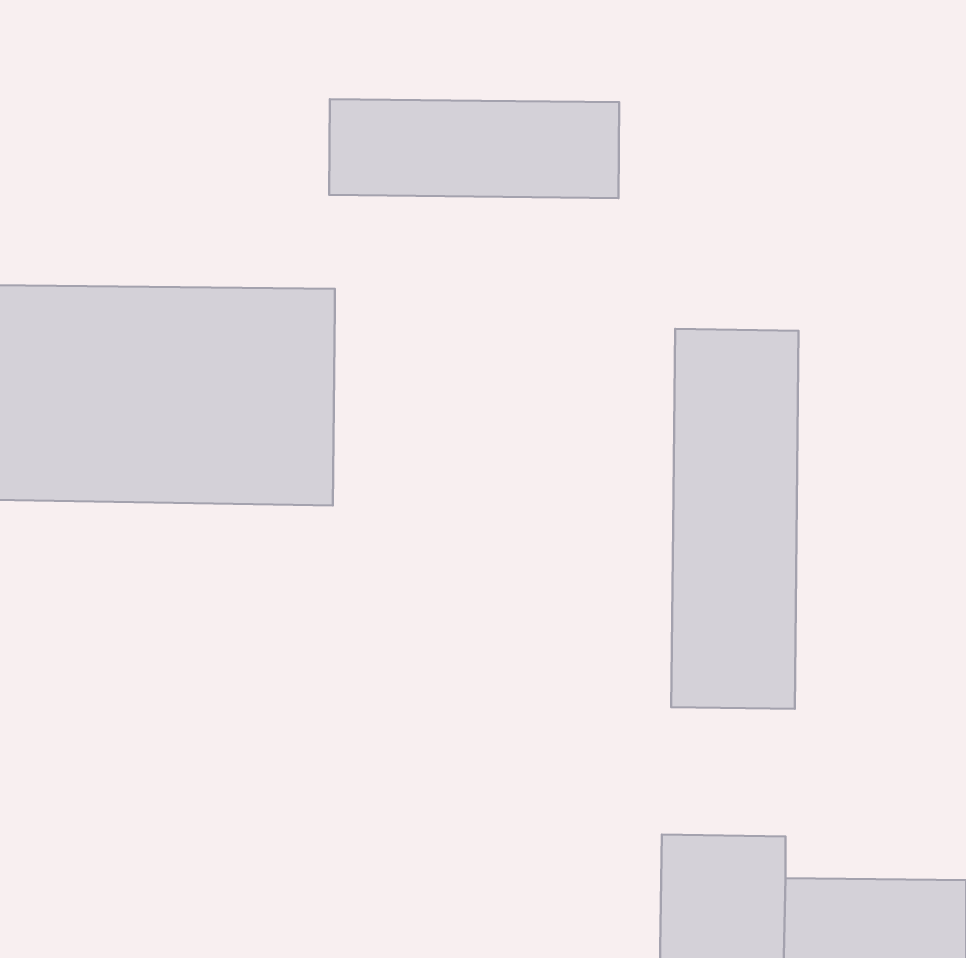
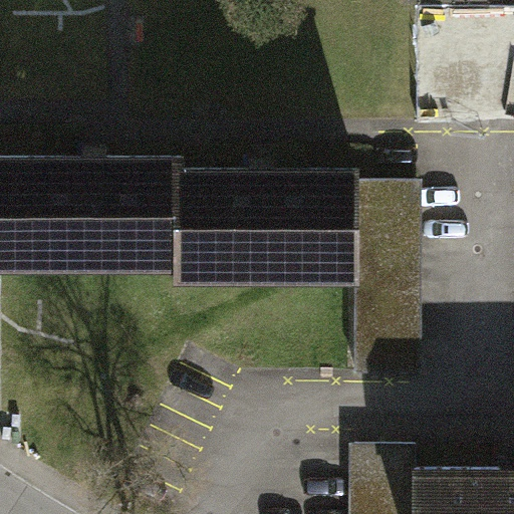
building: [329,99,619,198] -> none
building: none -> [176,170,356,285]

